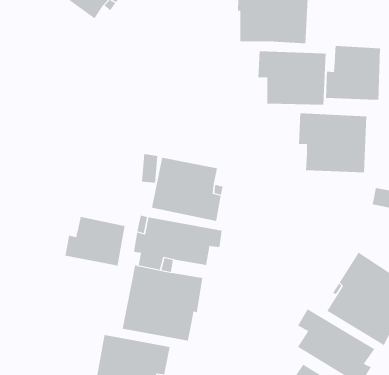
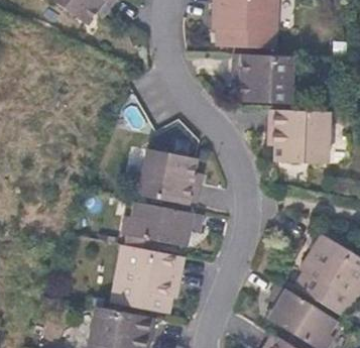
building: [326,45,381,101] -> none
building: [65,216,125,266] -> none

